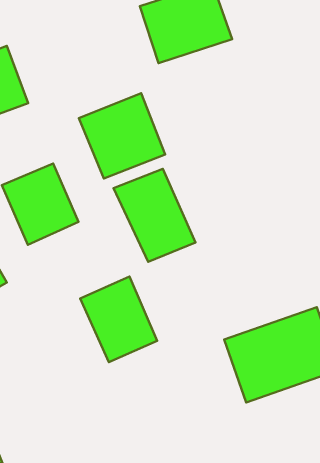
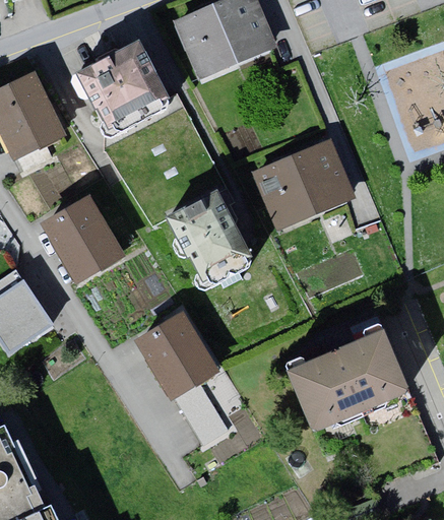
building: [79,93,165,179] -> [77,39,172,132]
building: none -> [251,138,356,231]
building: none -> [177,385,228,448]

